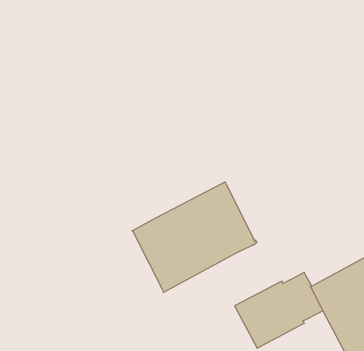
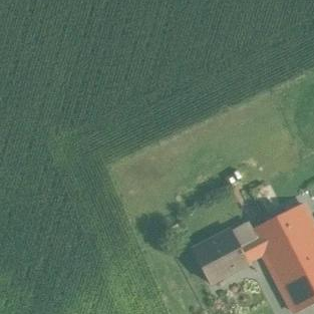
building: [132,182,257,292] -> none

